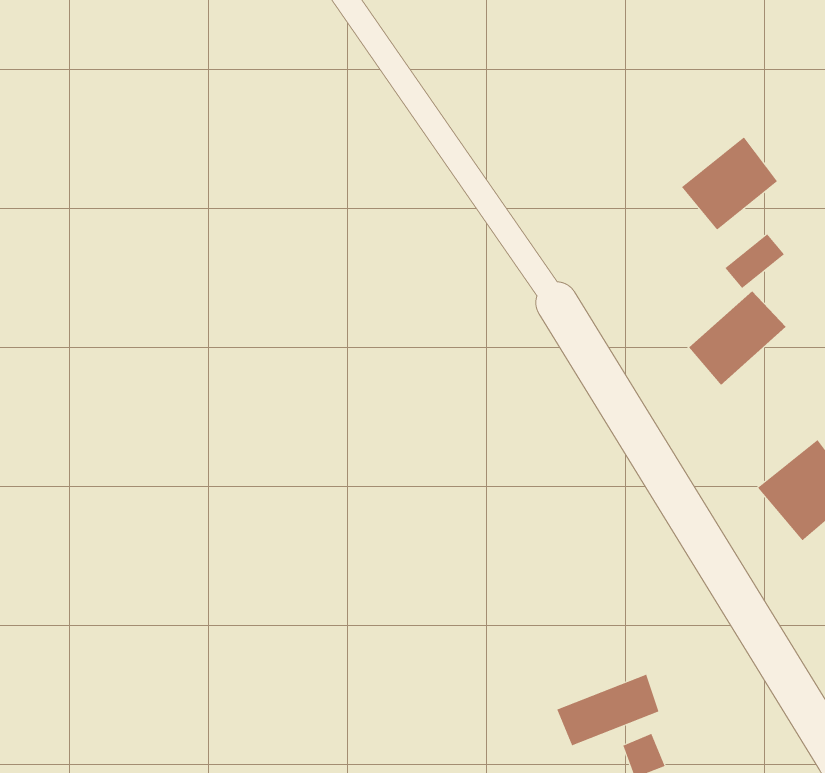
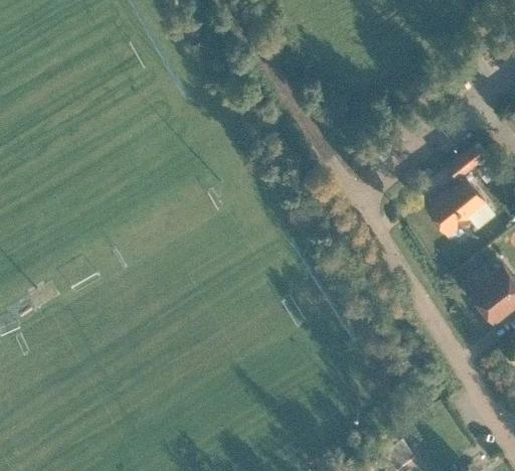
building: [681,137,778,230] -> none
building: [556,674,659,746] -> none

